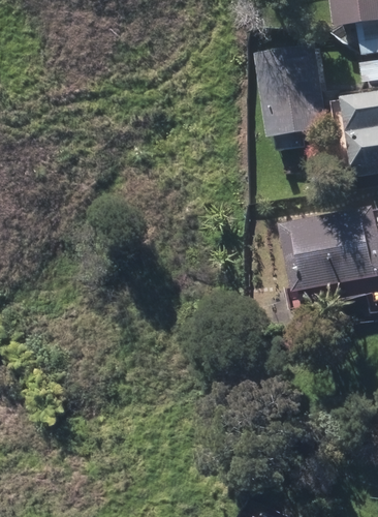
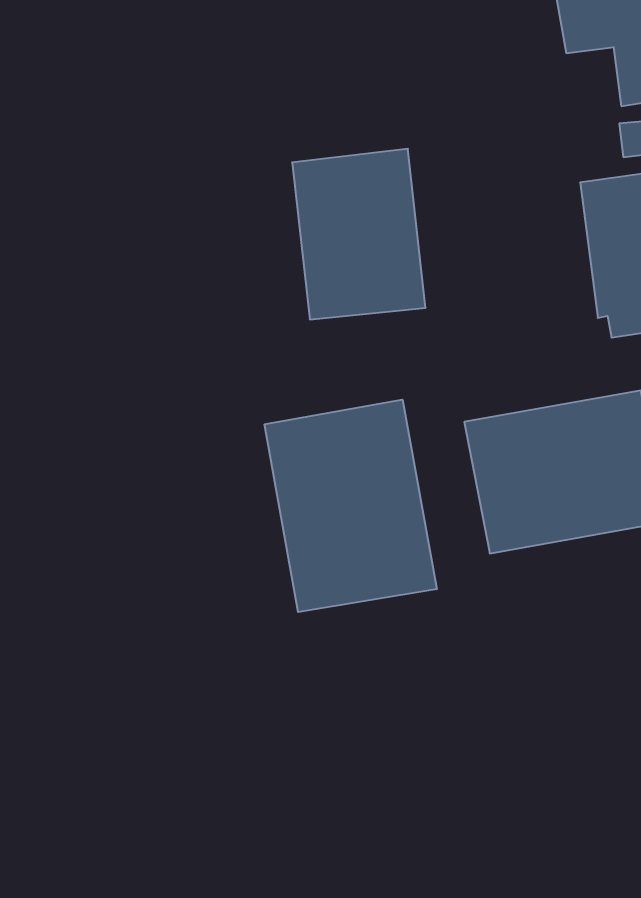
building: [257,48,327,138] -> [292,149,426,319]
building: none -> [265,400,437,612]

